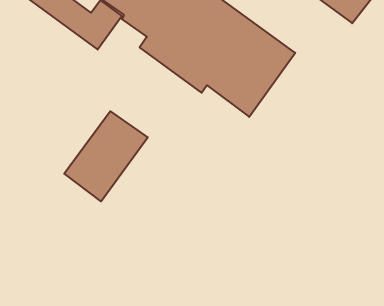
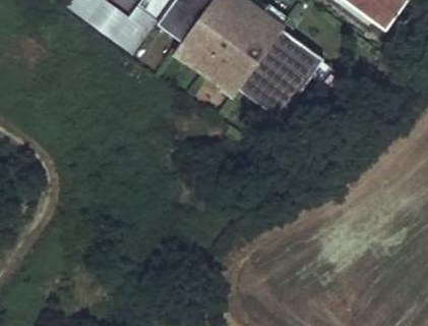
building: [64,111,148,201] -> none

